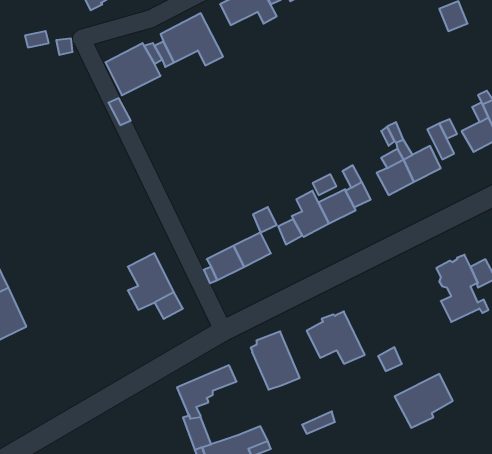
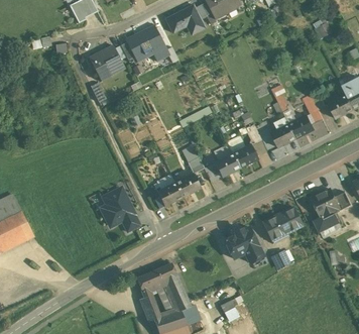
building: [251,331,300,390] -> [156,274,190,314]
building: [395,374,453,428] -> [262,207,302,243]

